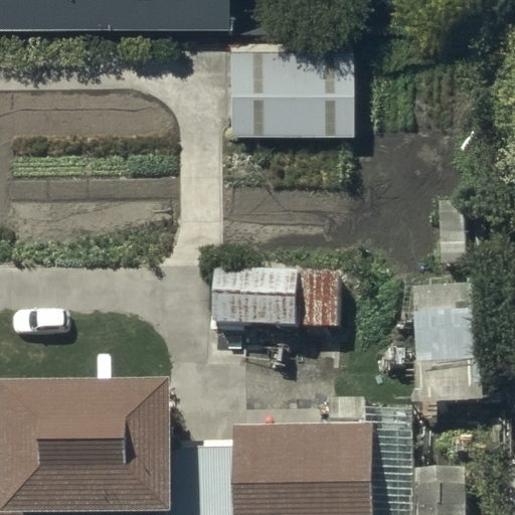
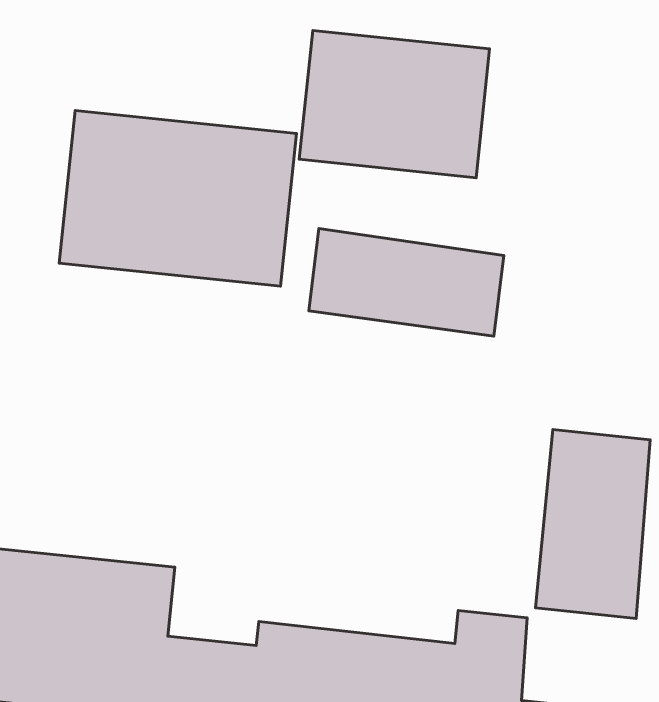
building: none -> [59,110,296,286]
building: [213,276,339,335] -> [309,229,504,336]

